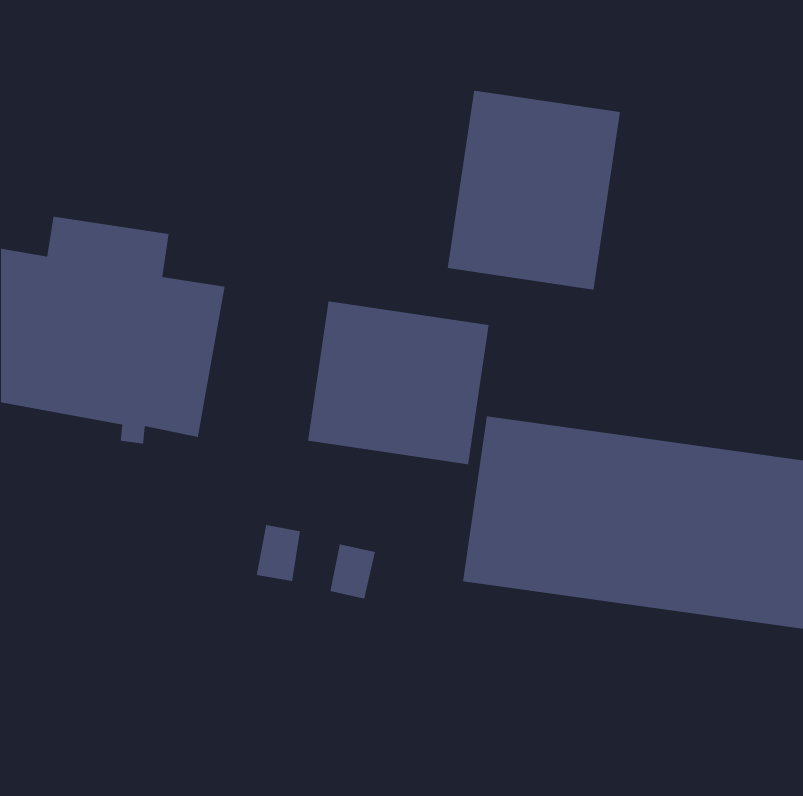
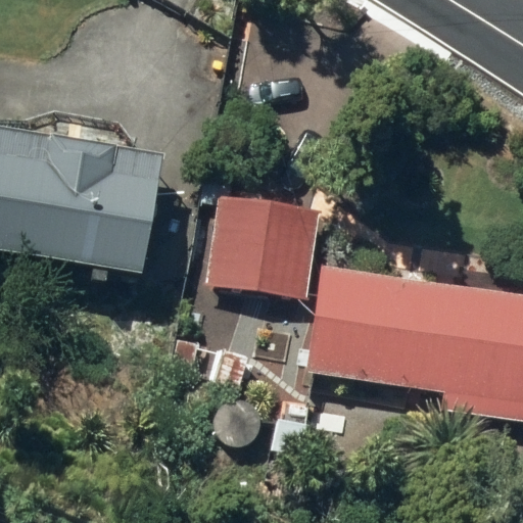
building: [447,90,621,290] -> none

